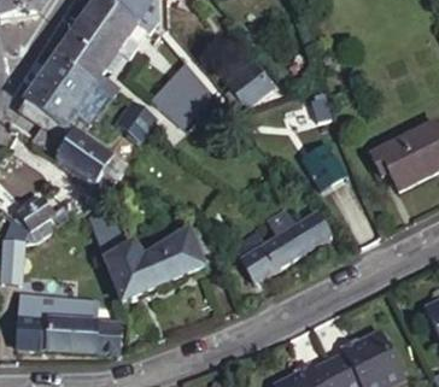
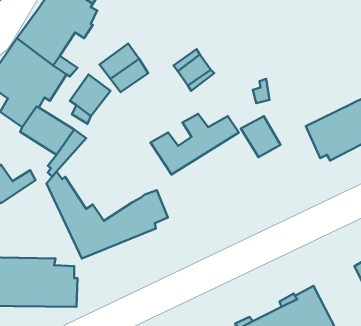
building: [235,213,332,280] -> [151,114,239,174]

